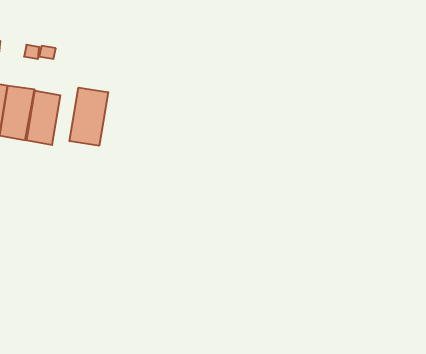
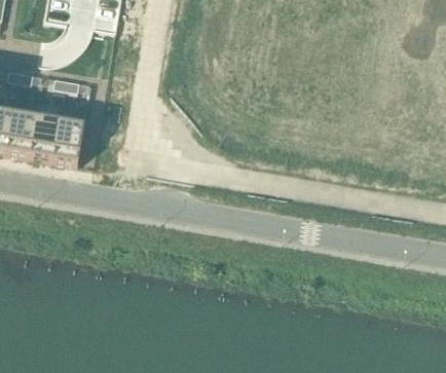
building: [70,88,108,146] -> none

